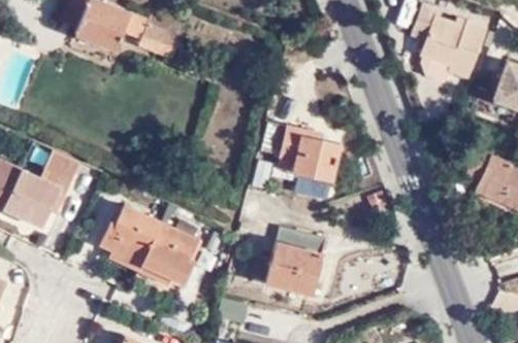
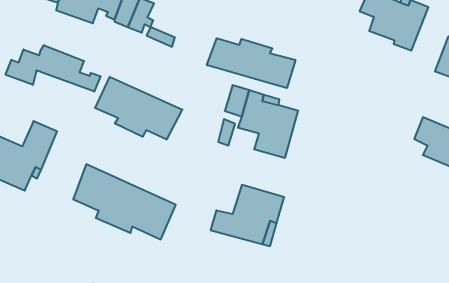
building: none -> [207,38,295,88]
building: none -> [6,45,100,92]
building: none -> [95,77,182,140]

